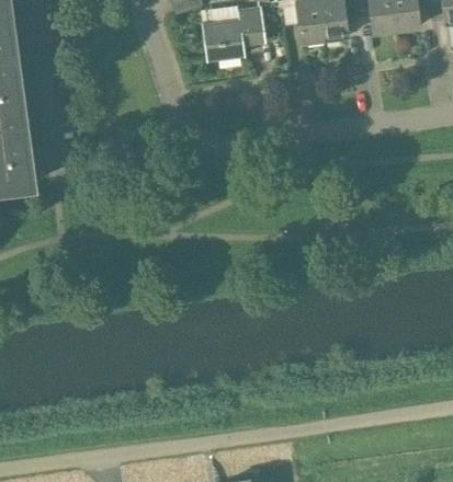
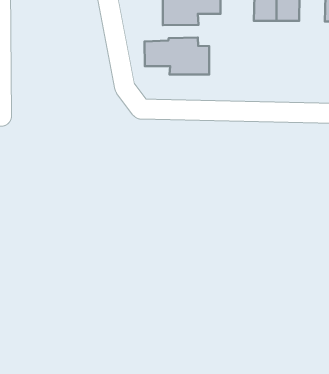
building: none -> [144,38,209,74]

